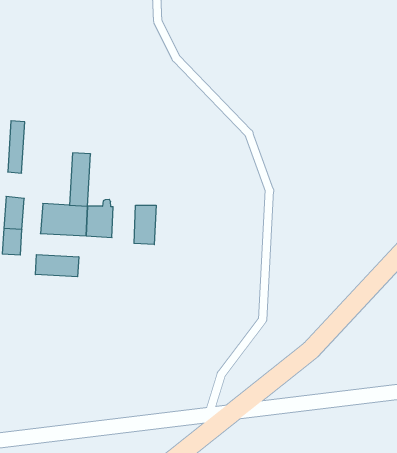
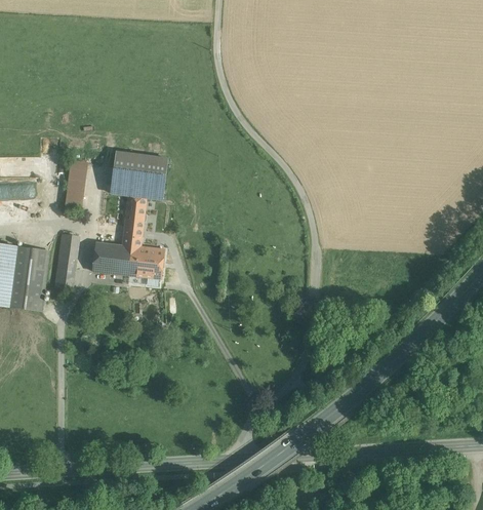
building: none -> [111,151,167,198]
building: [134,205,156,245] -> none
building: [35,255,79,277] -> none

